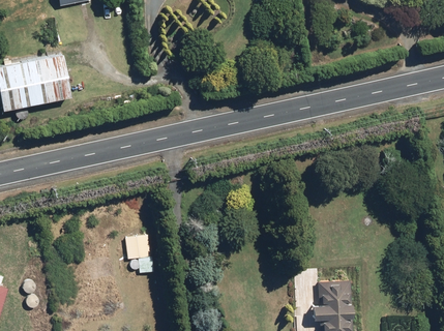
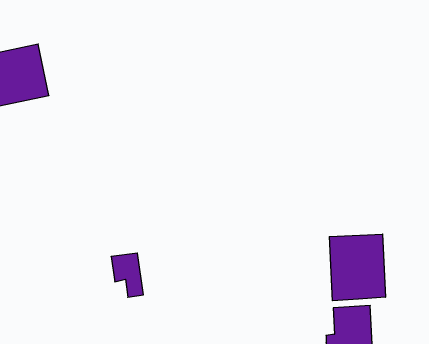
building: none -> [329,234,385,301]

